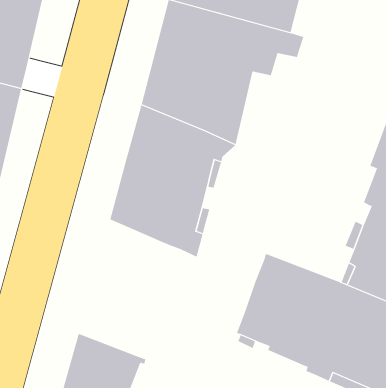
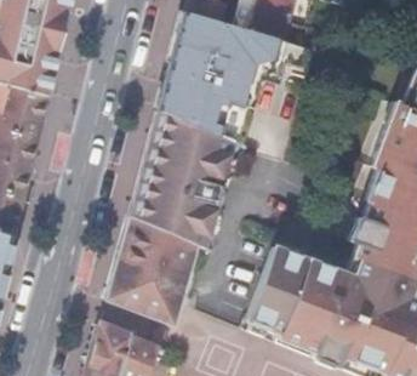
building: none -> [105,216,195,324]

